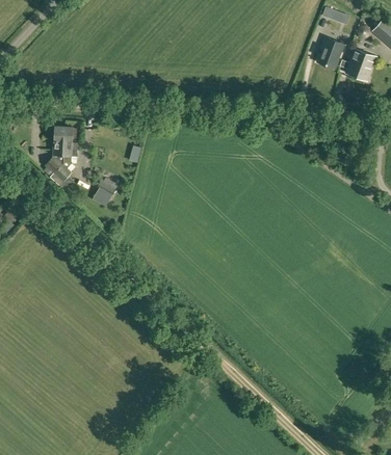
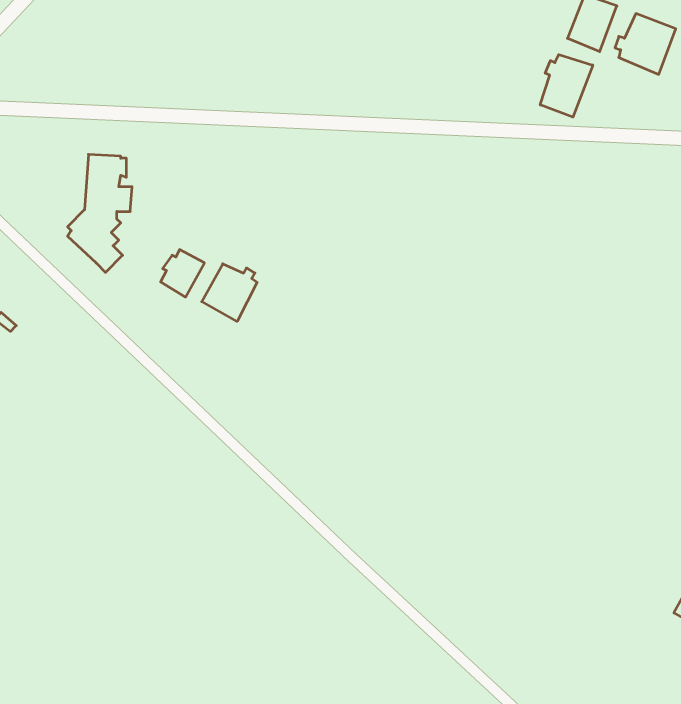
building: none -> [540,55,593,117]
building: none -> [202,264,257,321]

